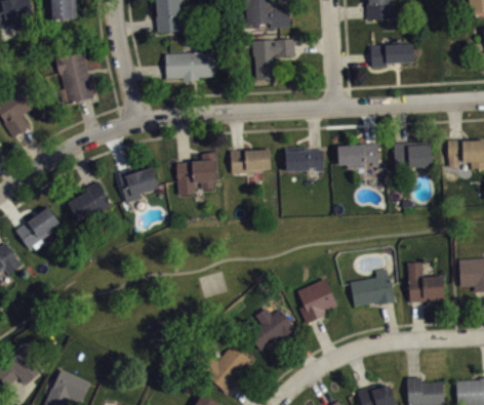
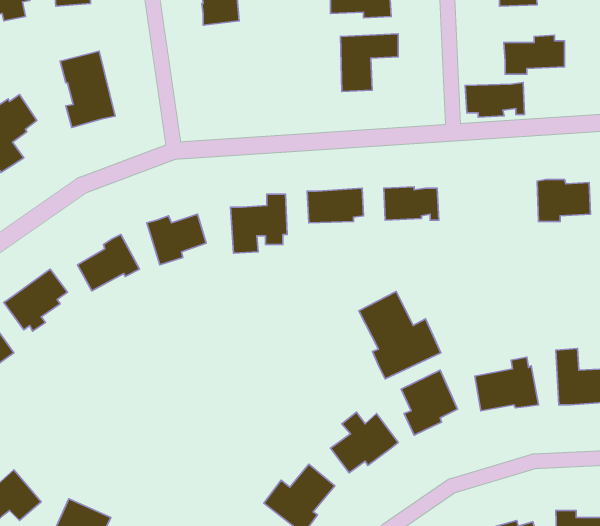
building: [165,51,215,81] -> none
building: [337,144,379,168] -> [465,83,524,117]
building: none -> [359,291,441,379]

